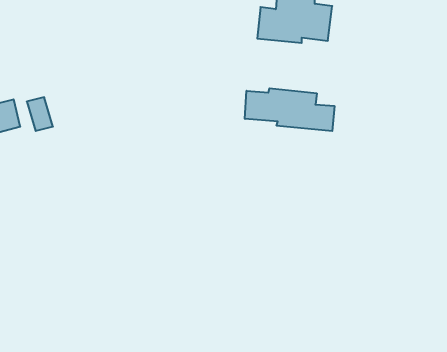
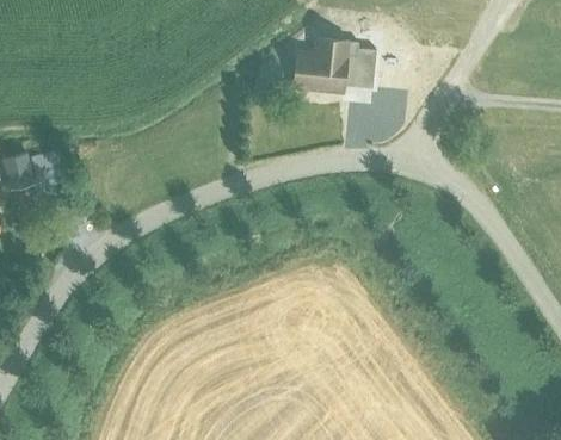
building: [245,88,334,131] -> none

